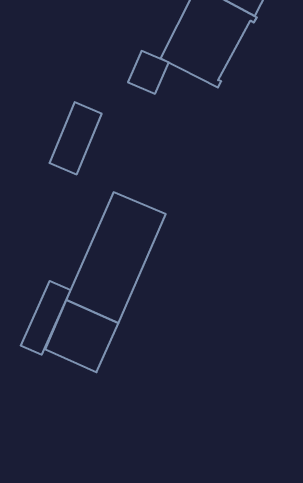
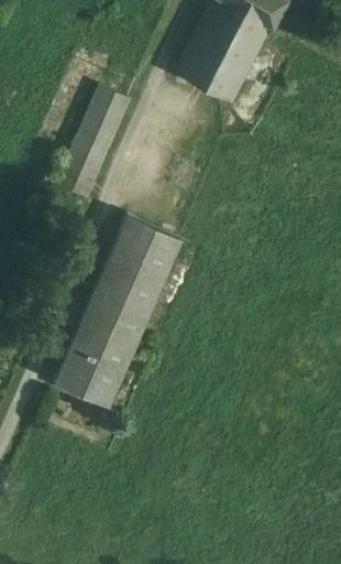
building: [128,51,169,94] -> [85,87,128,132]
building: [21,281,71,355] -> none

